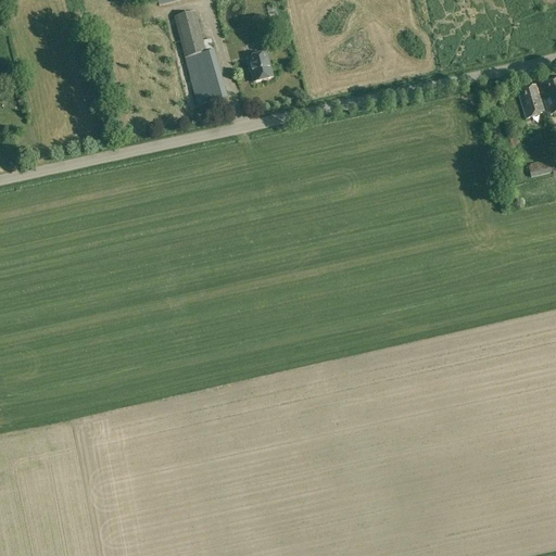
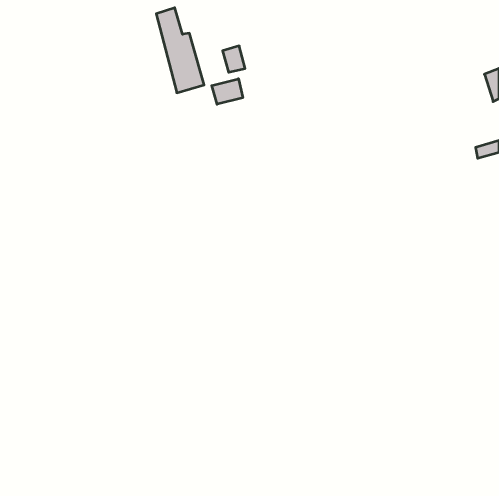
building: [517,83,545,117] -> none
building: none -> [212,79,243,104]

